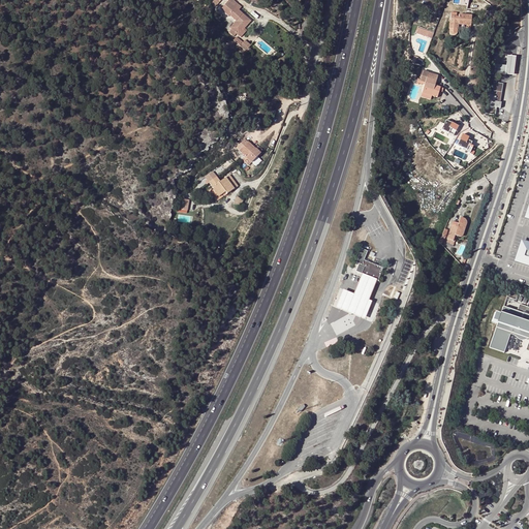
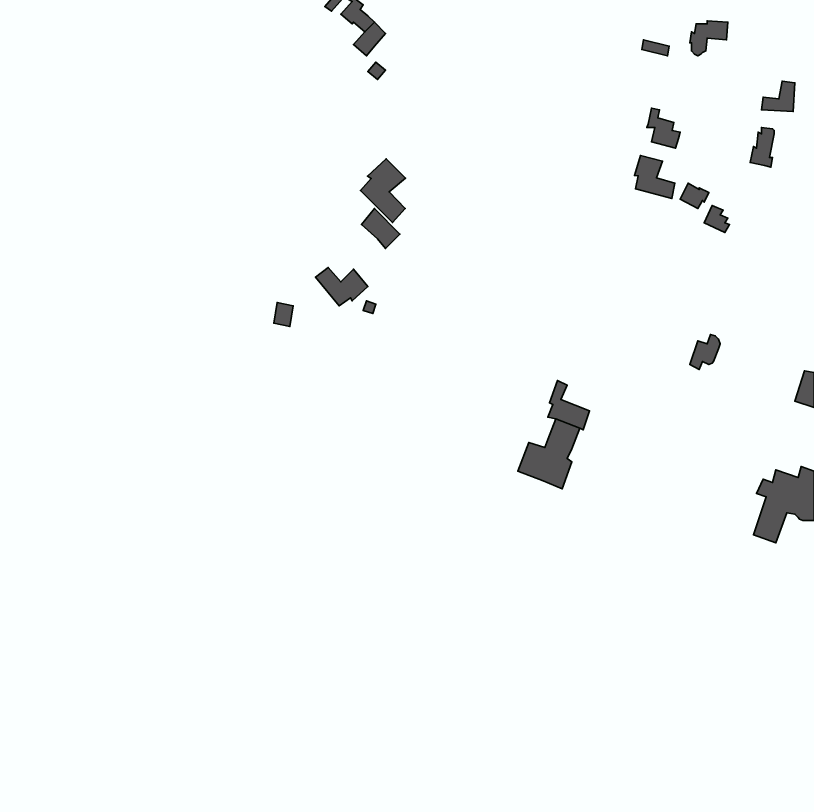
building: none -> [634,156,675,198]
building: none -> [361,159,406,222]

